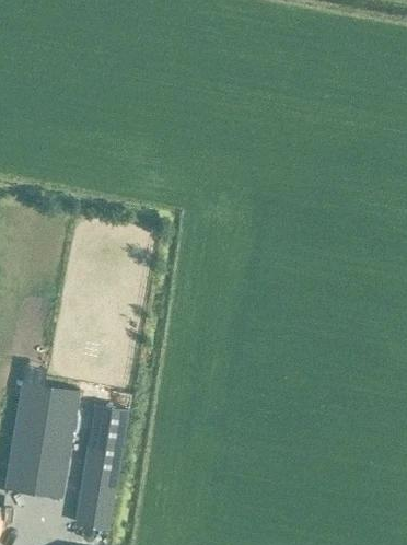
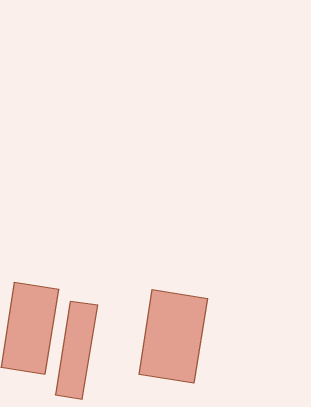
building: none -> [139,290,208,383]

